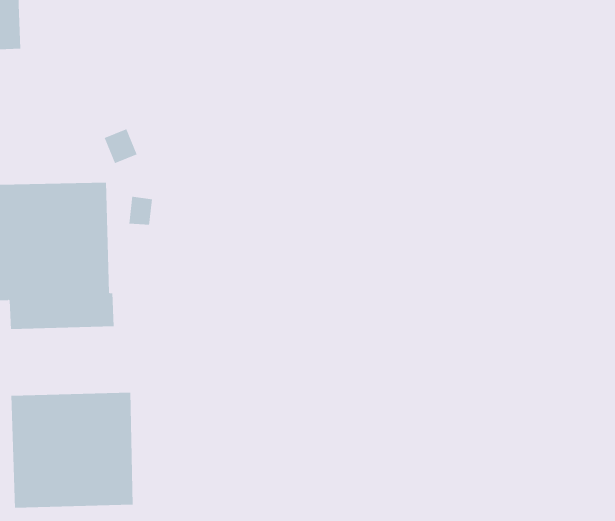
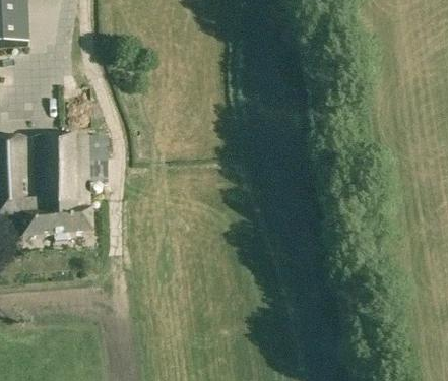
building: [11,392,133,508] -> none

